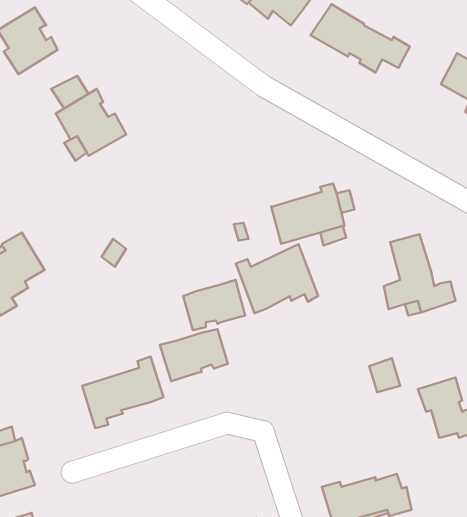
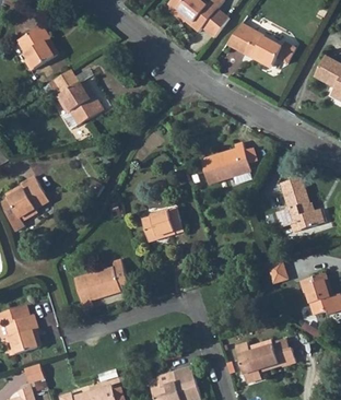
building: [236,244,318,313] -> none
building: [160,329,228,381] -> none

